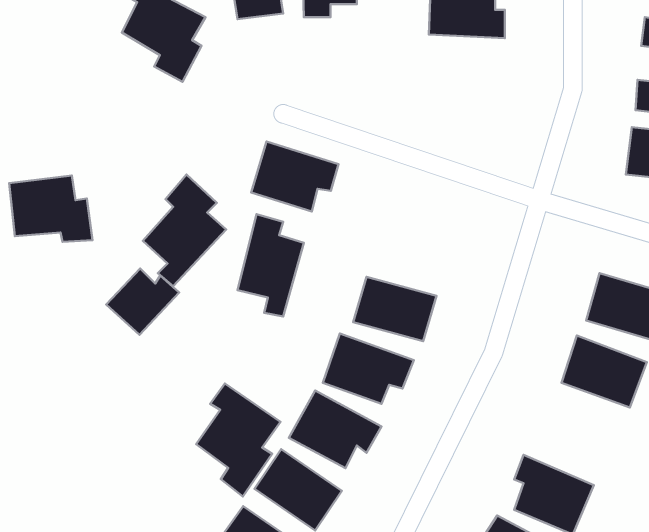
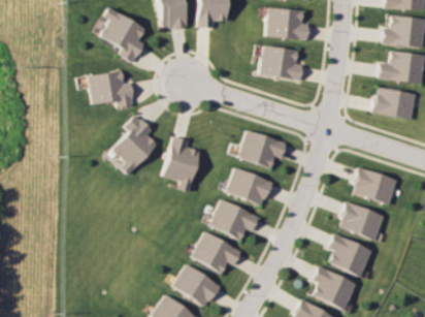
building: none -> [260,44,303,81]
building: [251,141,338,212] -> [238,130,286,168]
building: [9,176,93,242] -> [88,70,133,106]
building: [106,269,179,335] -> none
building: [196,383,281,497] -> none
building: none -> [329,234,372,277]

